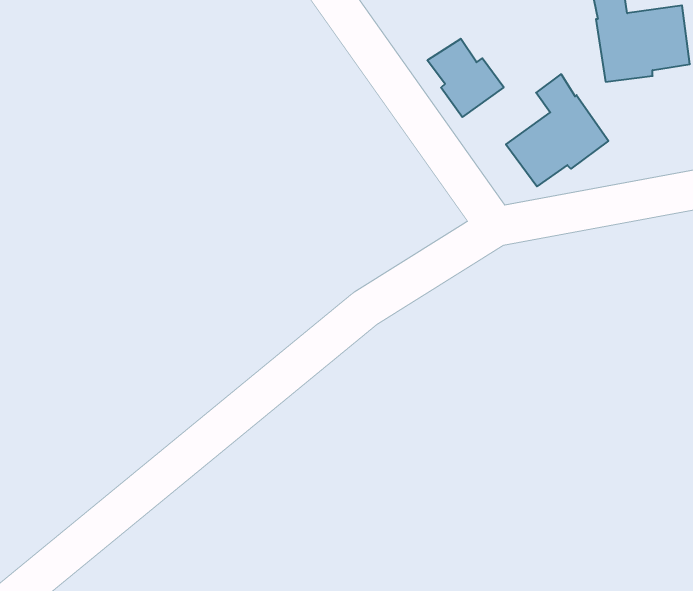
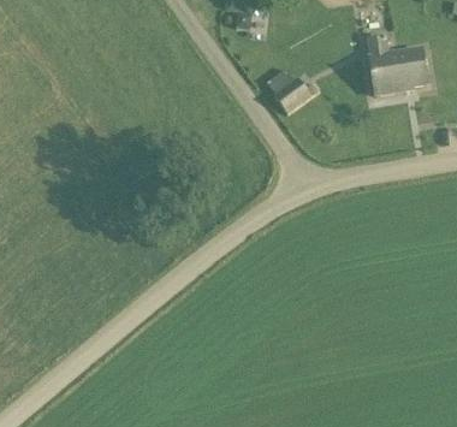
building: [506,74,608,186] -> none

